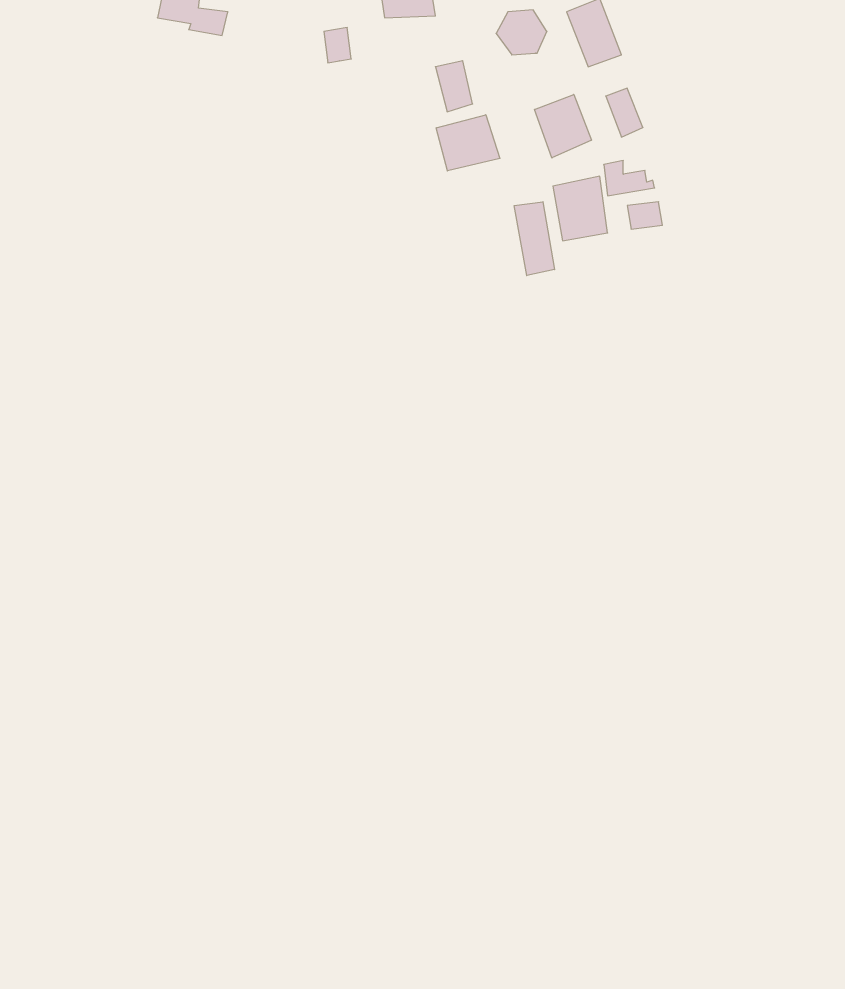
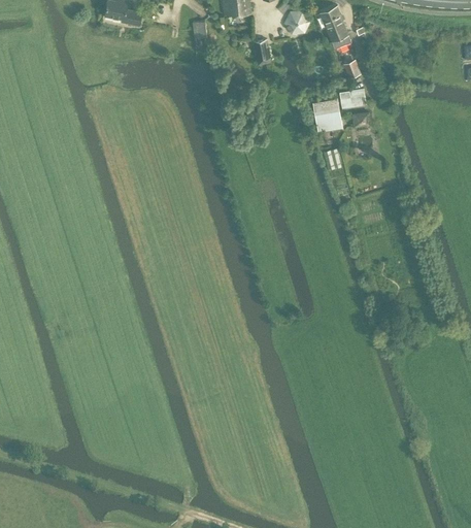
building: [535,94,591,158] -> none
building: [436,115,500,171] -> none
building: [514,202,555,276] -> none

